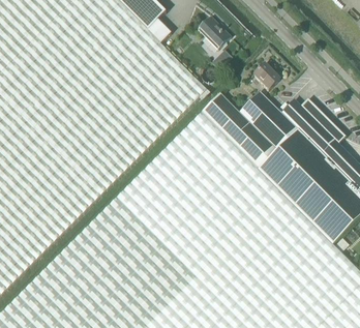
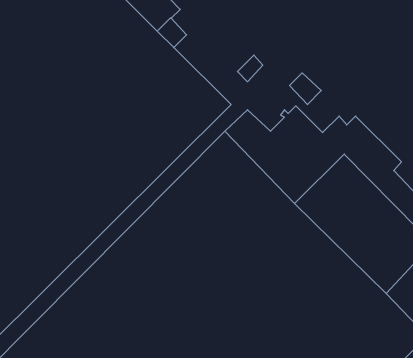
building: [198,18,231,51] -> none

